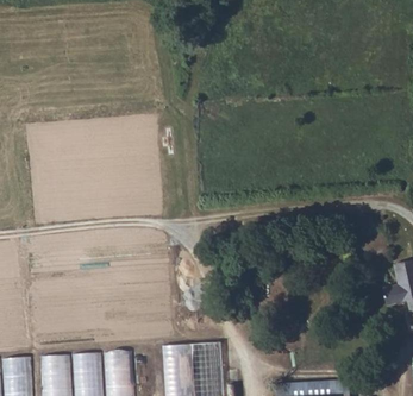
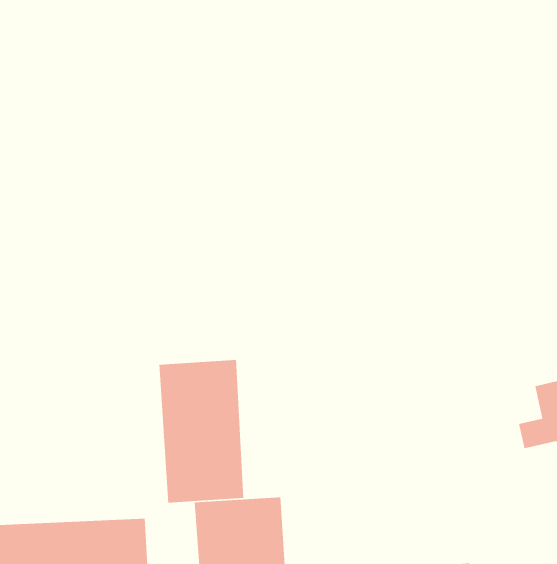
building: none -> [159,359,244,503]

